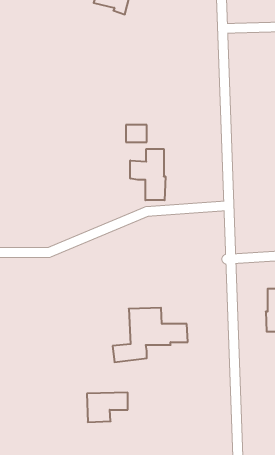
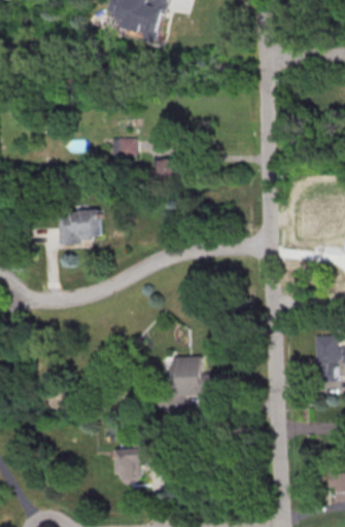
building: none -> [111,138,135,154]
building: [130,149,165,200] -> none
building: none -> [58,208,101,241]

